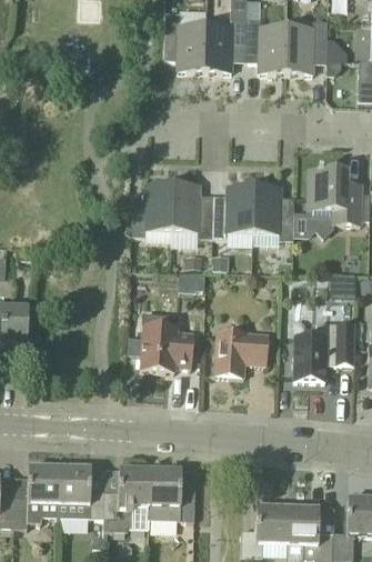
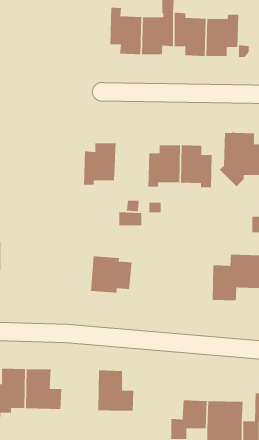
building: [171,181,213,237] -> none
building: [208,329,269,375] -> none
building: [103,466,150,529] -> none

